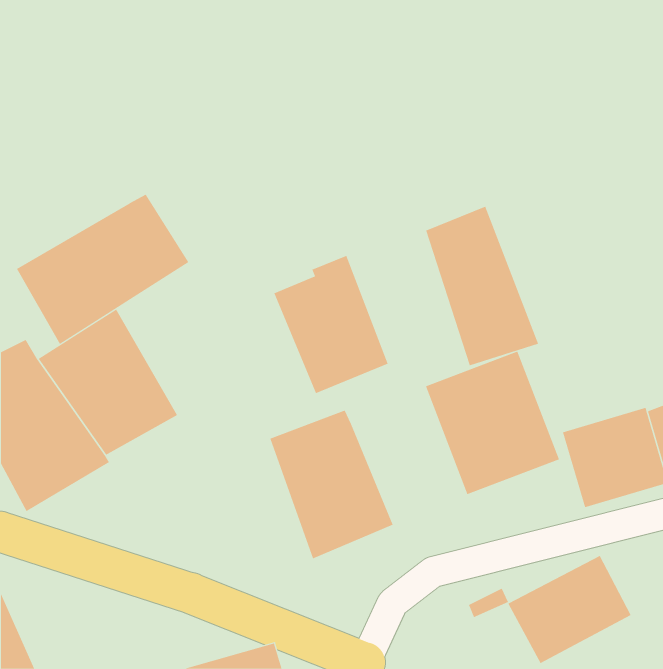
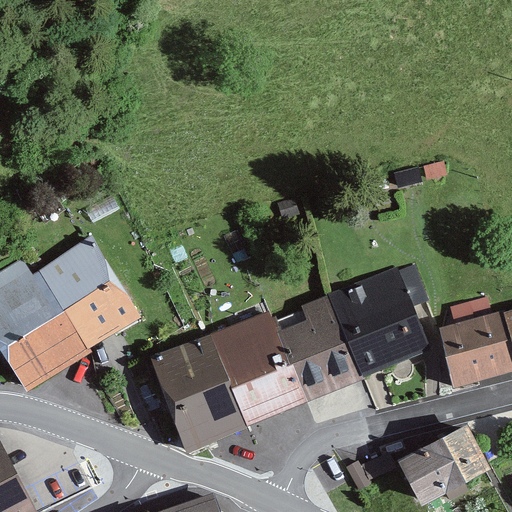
building: [16,194,189,345] -> none
building: [426,206,539,366] -> none
building: [274,255,389,394] -> [273,295,361,401]
building: none -> [149,335,243,452]

